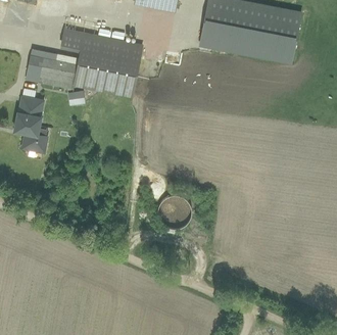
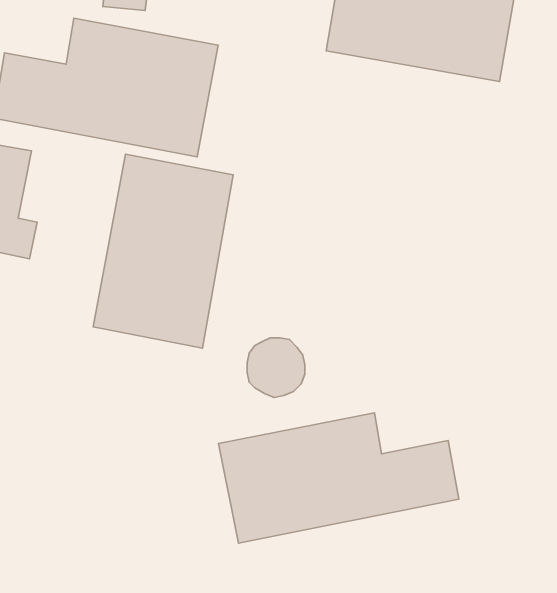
building: none -> [93,154,233,348]
building: none -> [219,413,459,543]

